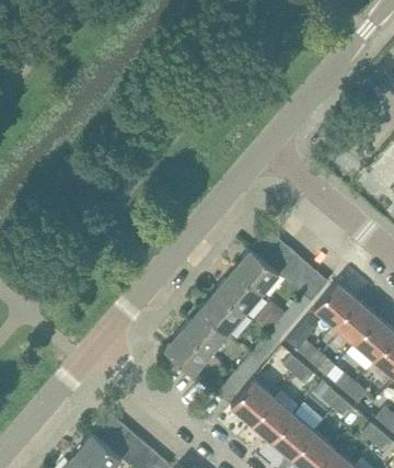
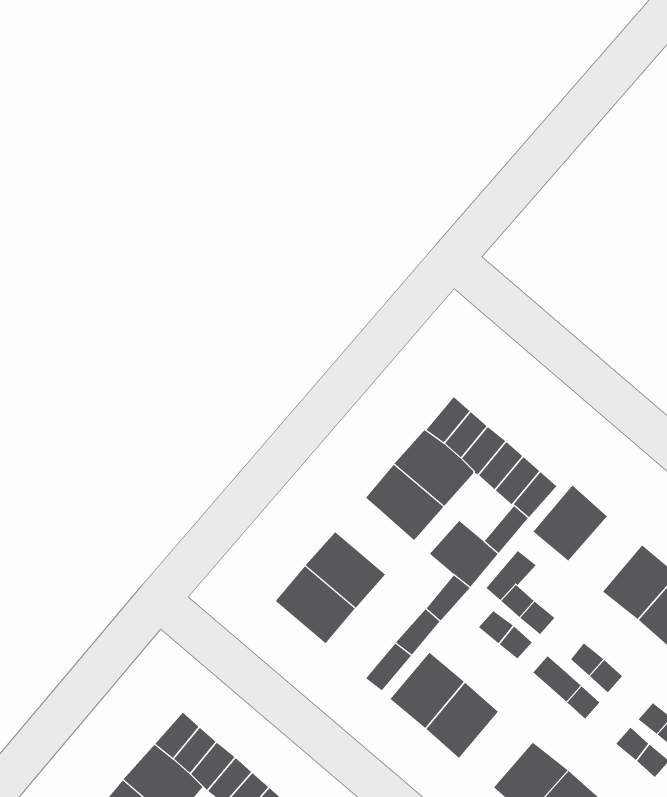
building: [199,292,245,336] -> none
building: [335,303,378,346] -> none
building: [271,416,314,460] -> none

